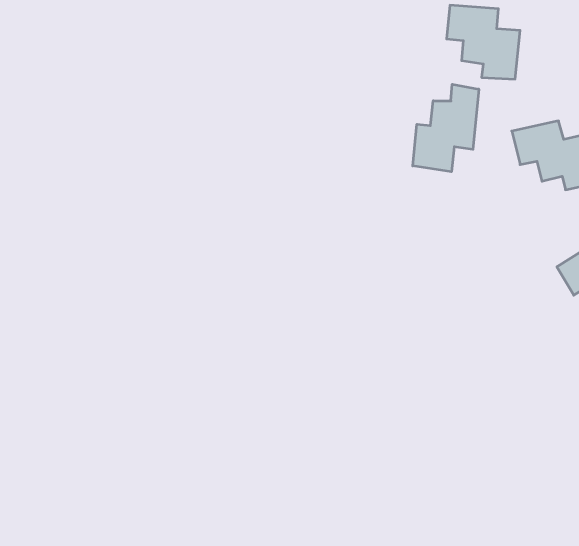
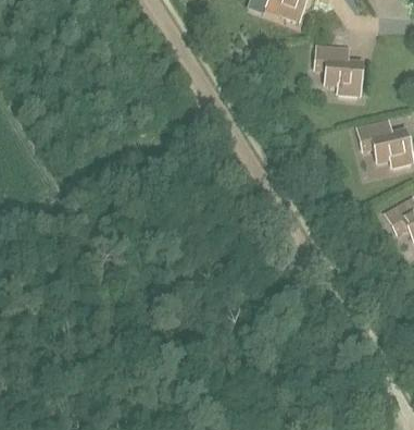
building: [413,84,479,172] -> none

